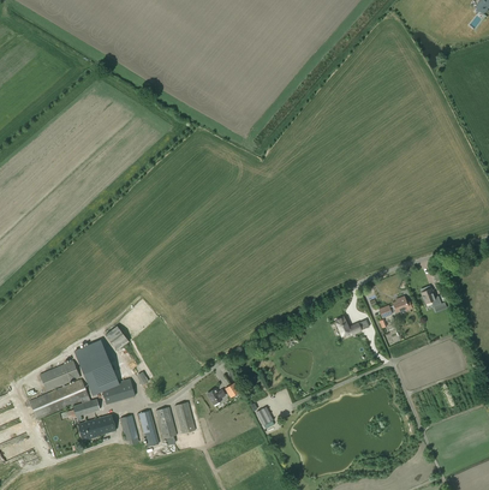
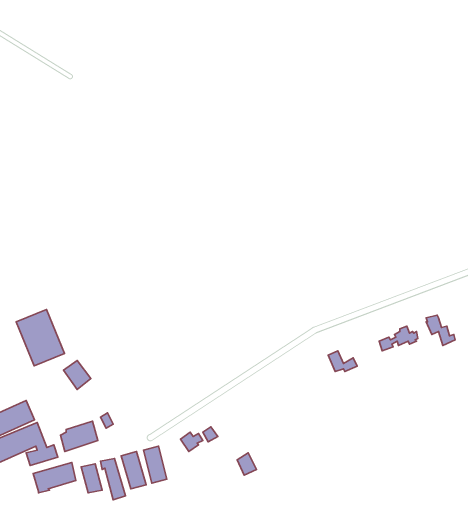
building: [74,340,117,389] -> [16,309,64,366]

